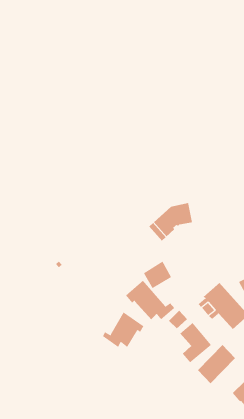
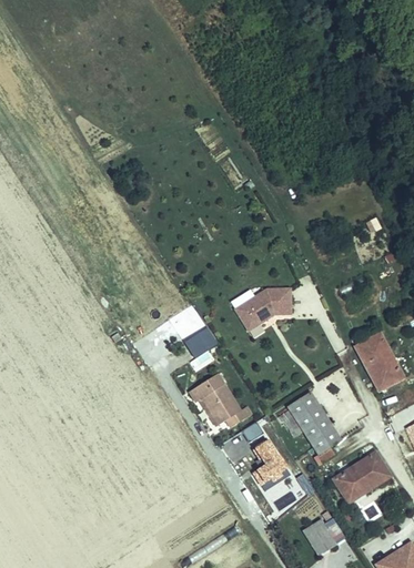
building: [143,261,172,289] -> [183,325,218,357]
building: [102,312,144,348] -> none

